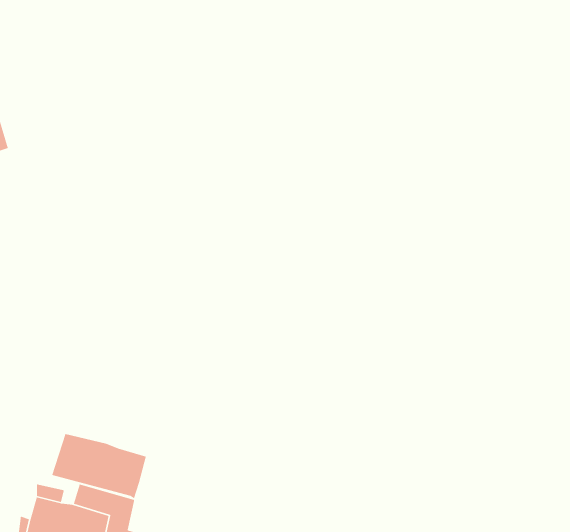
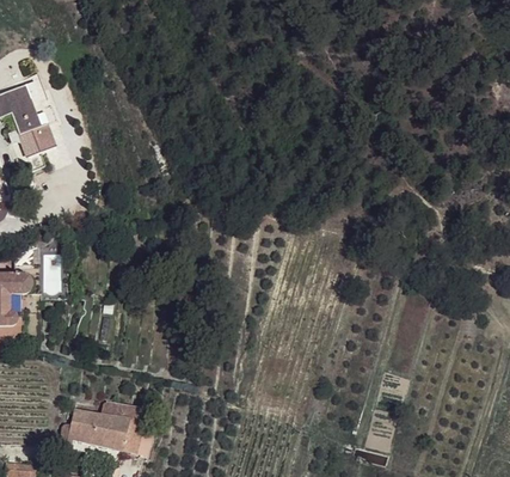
building: [51,433,147,499] -> none

